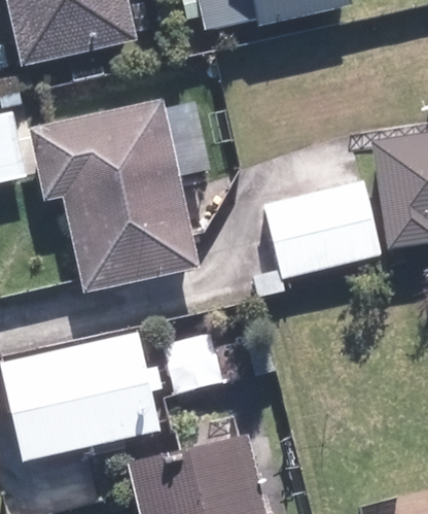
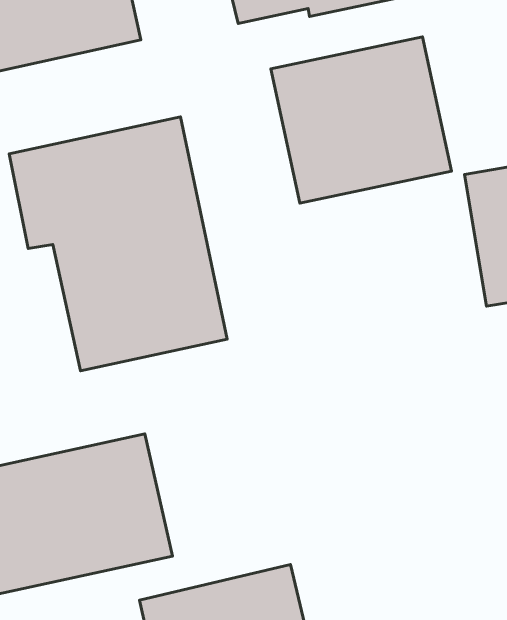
building: none -> [271,37,452,203]
building: [265,186,376,278] -> none

